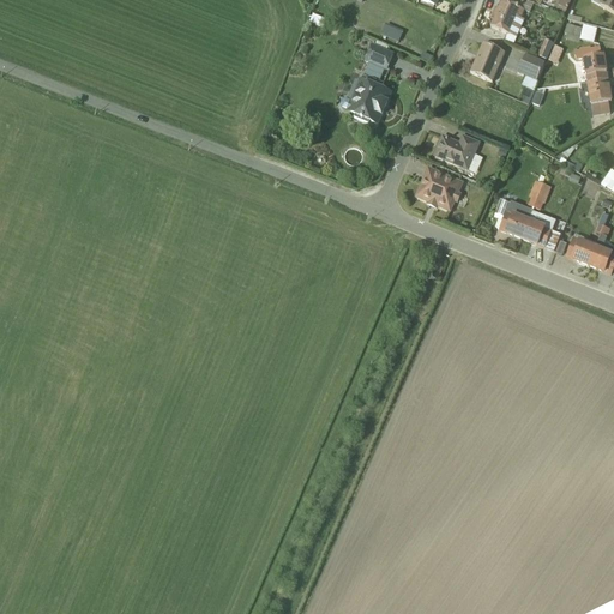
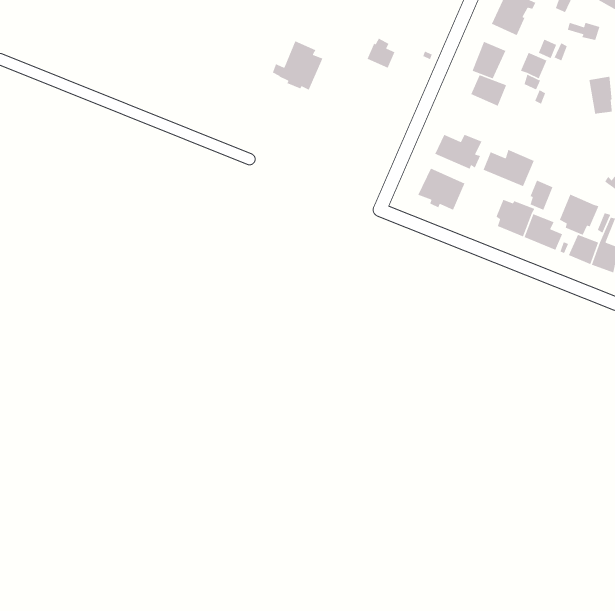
building: [576,44,608,79] -> none
building: [339,72,391,122] -> [272,40,324,91]
building: none -> [470,74,507,107]
building: none -> [483,149,535,187]
building: none -> [559,194,600,236]

